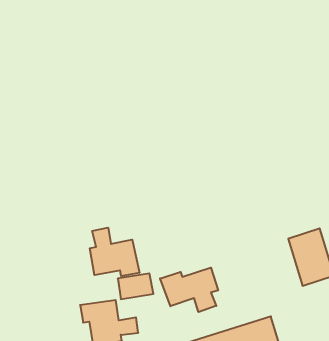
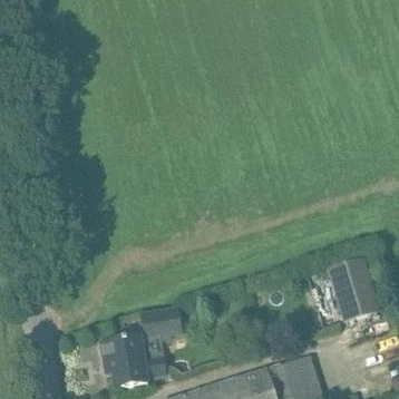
building: [90,228,139,276] -> none
building: [160,268,218,312] -> none

